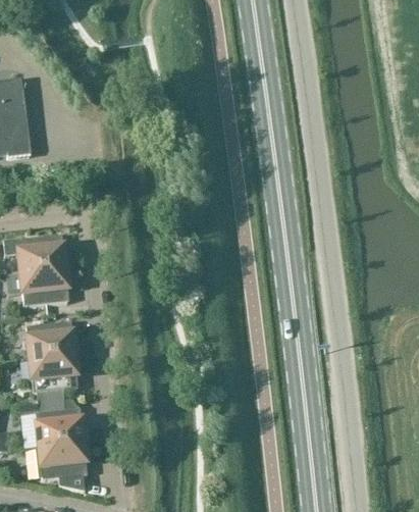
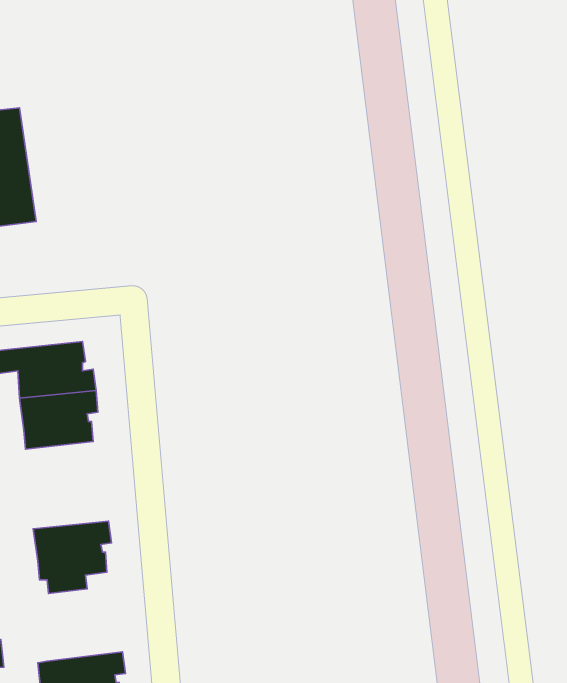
building: [25,320,78,358] -> none
building: [27,398,88,446] -> none

